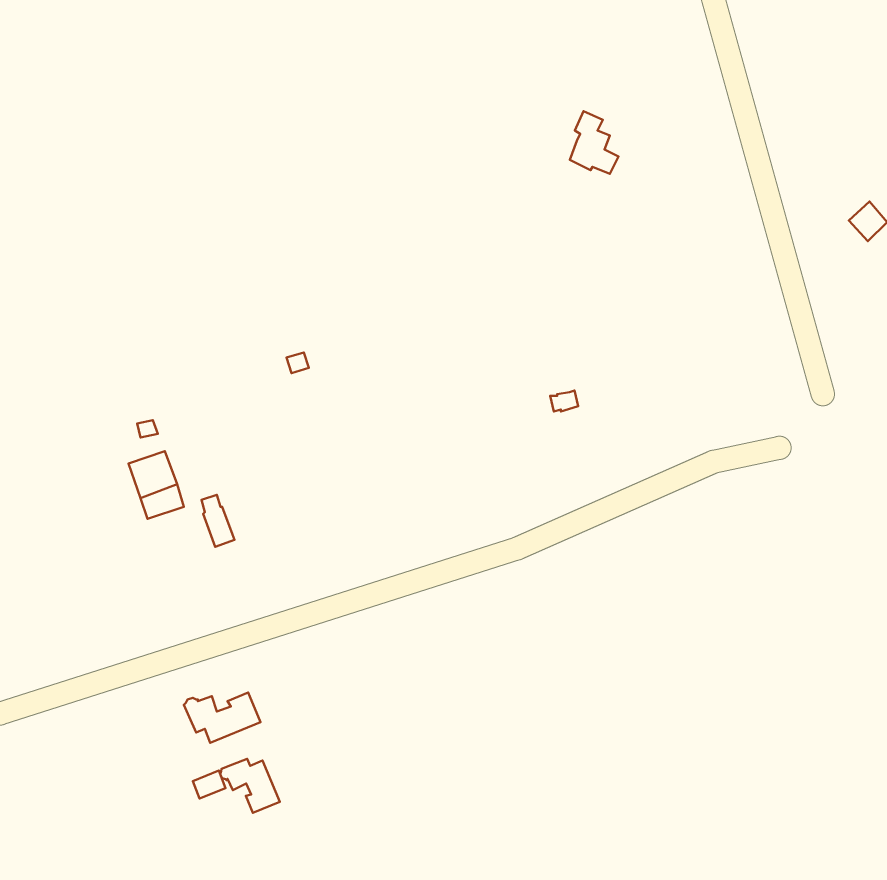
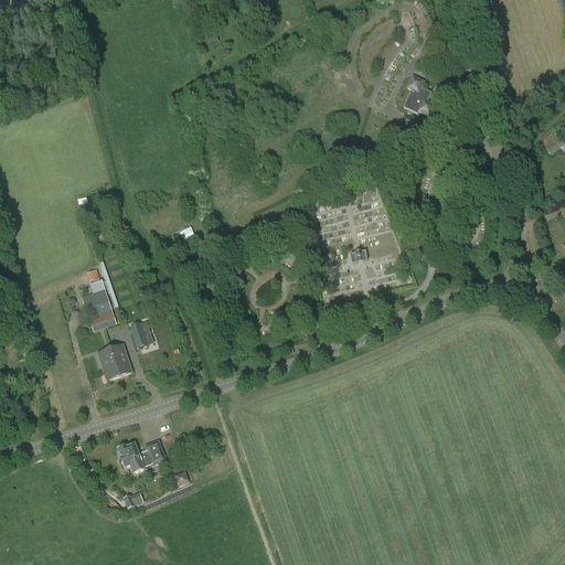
building: [570,111,618,174] -> [404,74,435,114]
building: none -> [99,344,132,380]
building: [220,759,280,813] -> none

